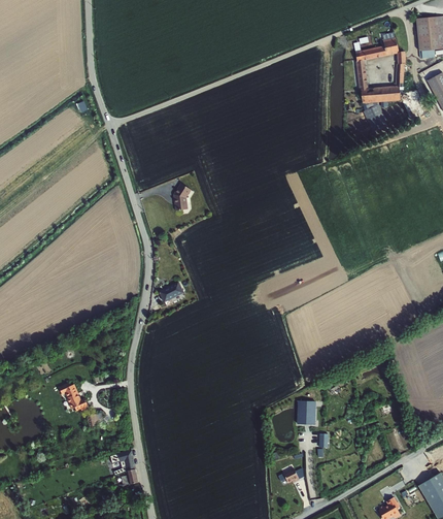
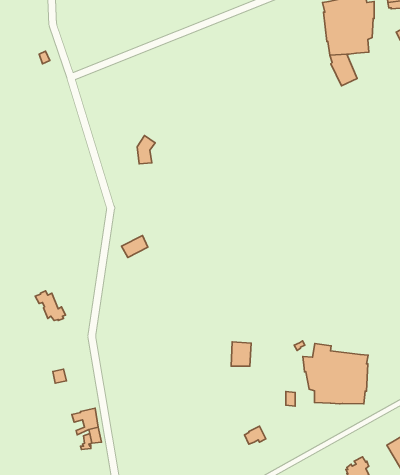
building: [58,381,88,410] -> [35,291,66,321]
building: none -> [303,343,368,404]
building: [296,399,315,423] -> [231,342,251,366]

